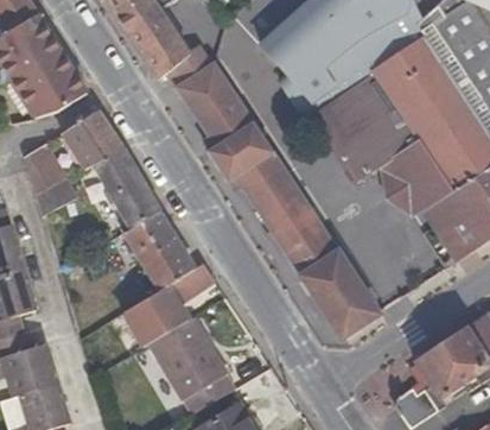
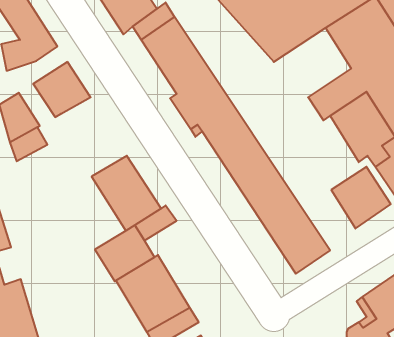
building: [312,72,401,182] -> none
building: [89,147,160,233] -> none

